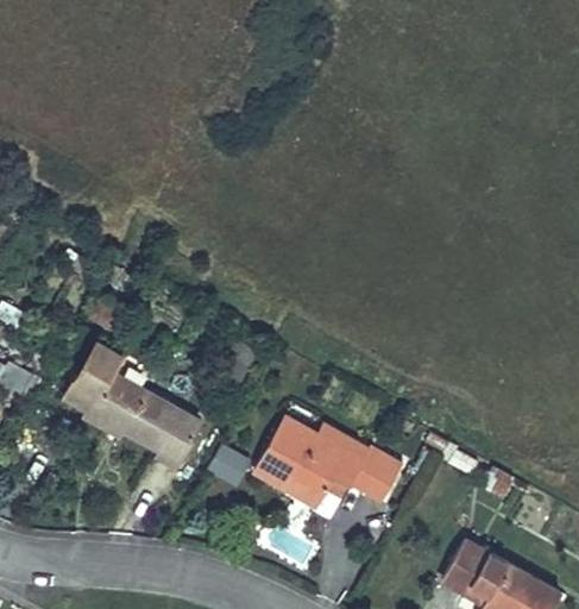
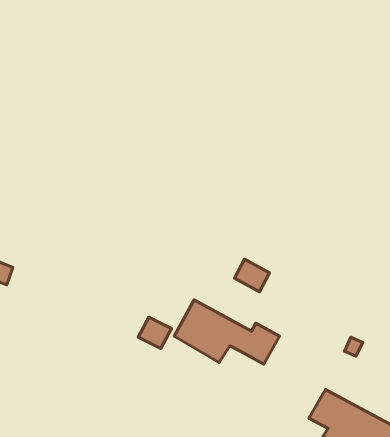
building: [73,341,200,464] -> none
building: none -> [234,259,269,292]

